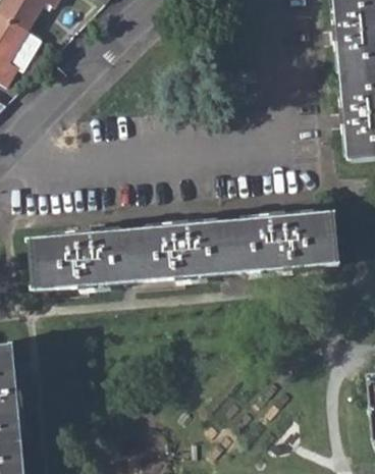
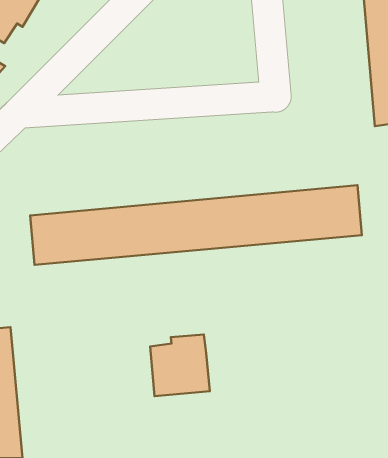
building: none -> [150,335,210,396]

